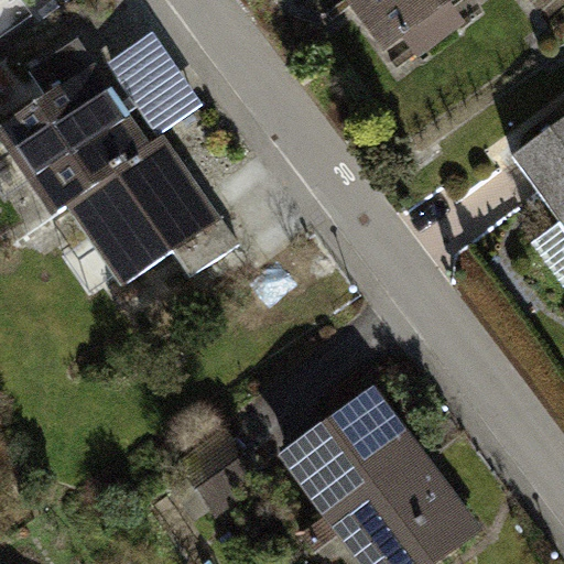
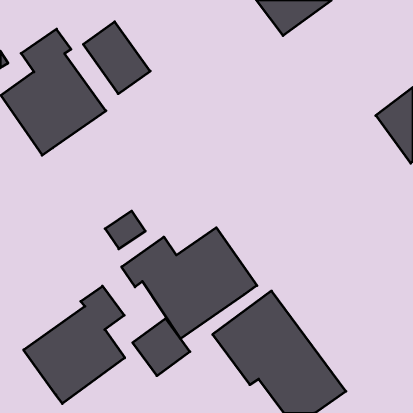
building: [72,142,238,283] -> none
building: none -> [122,228,257,339]
building: none -> [24,286,125,404]

